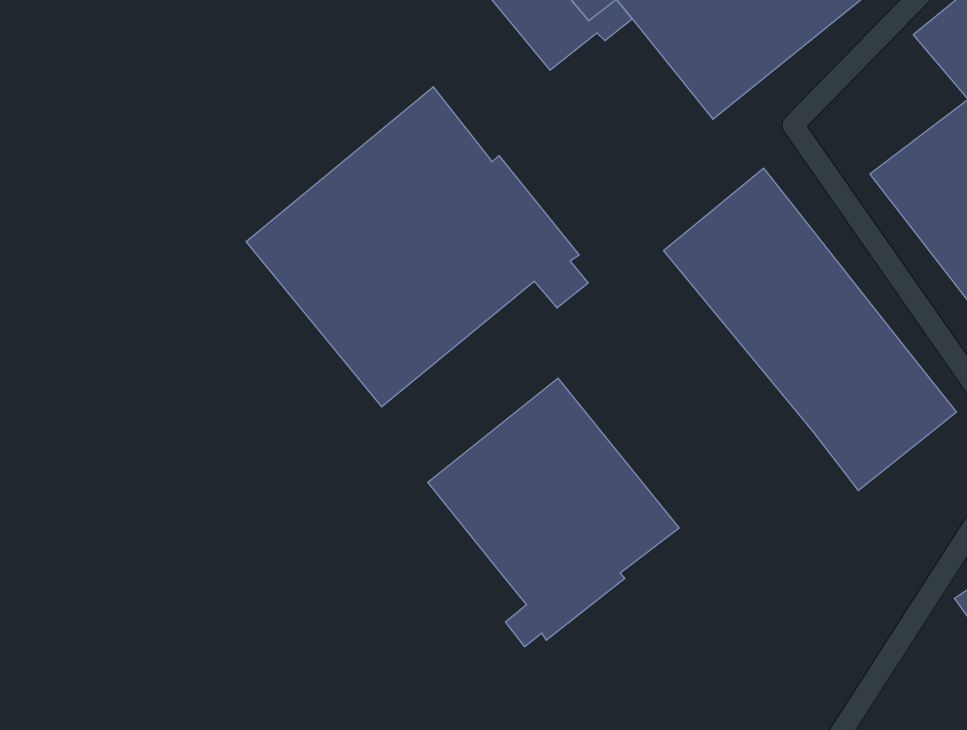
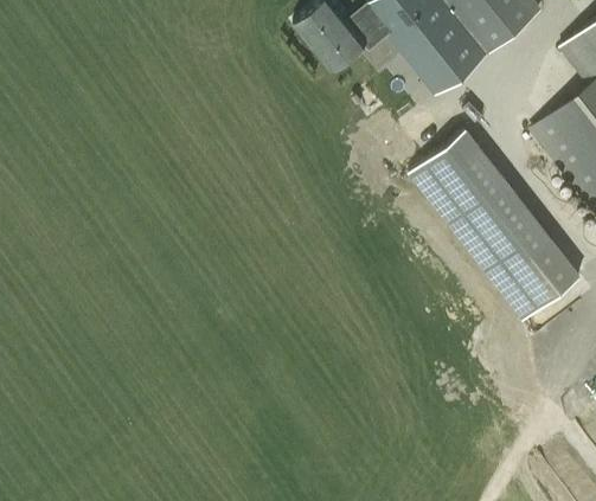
building: [246,87,588,407] -> none
building: [428,378,679,647] -> none

